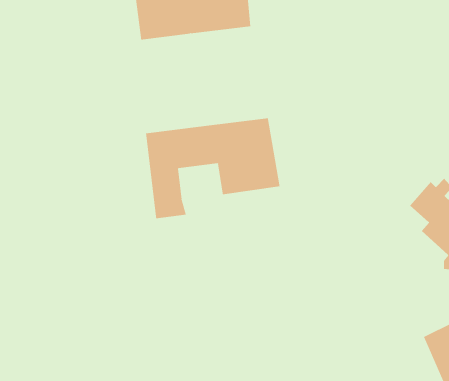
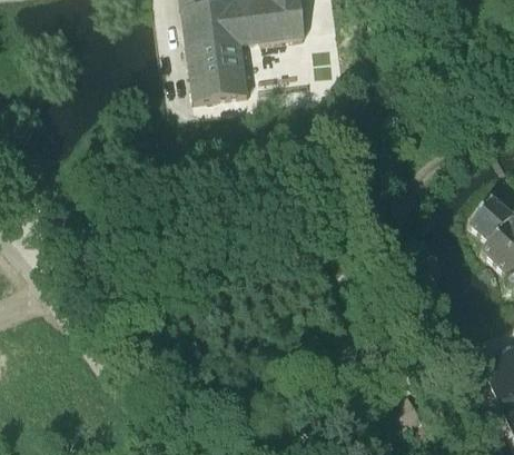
building: none -> [188,44,248,102]
building: [145,117,280,219] -> none

